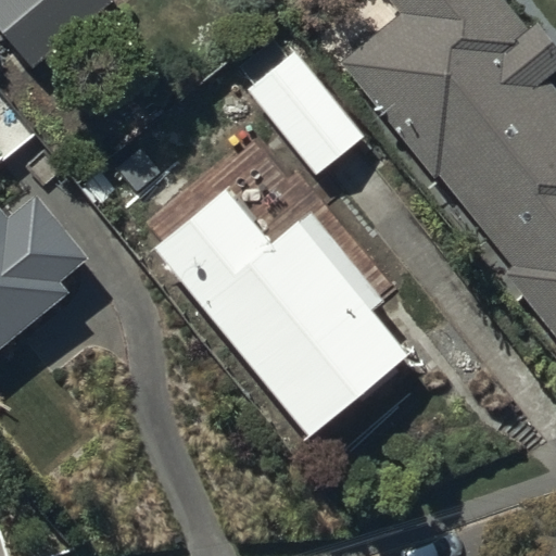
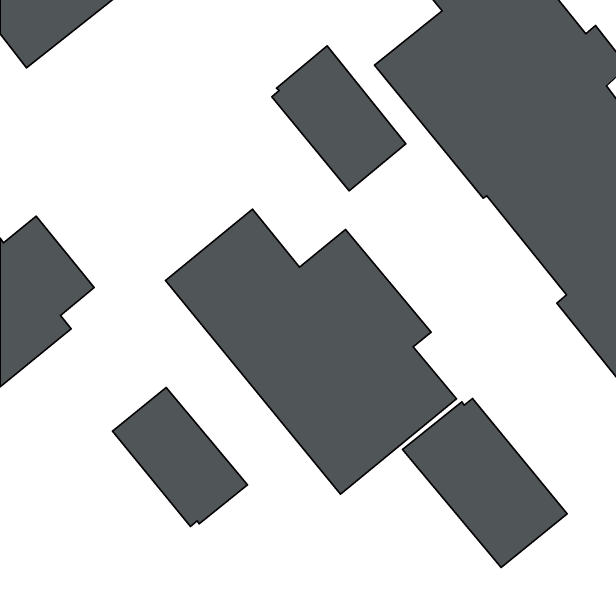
building: none -> [112,388,248,527]
building: none -> [403,398,567,567]

